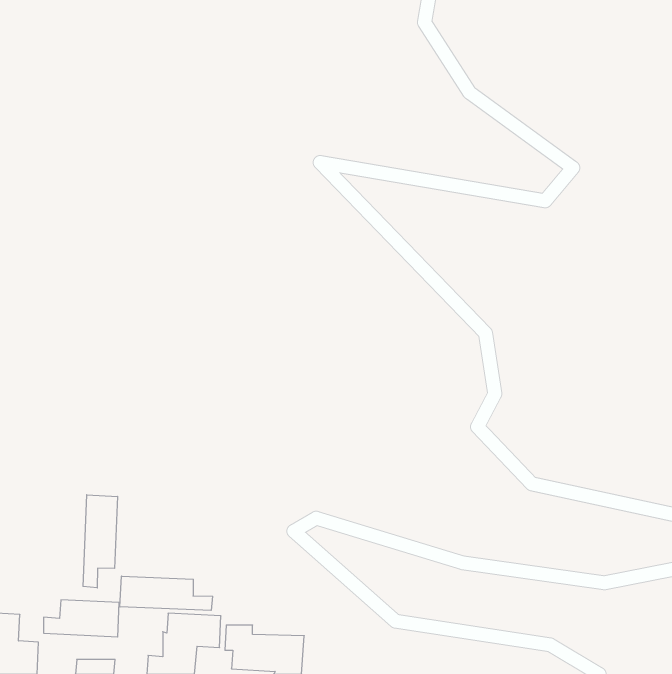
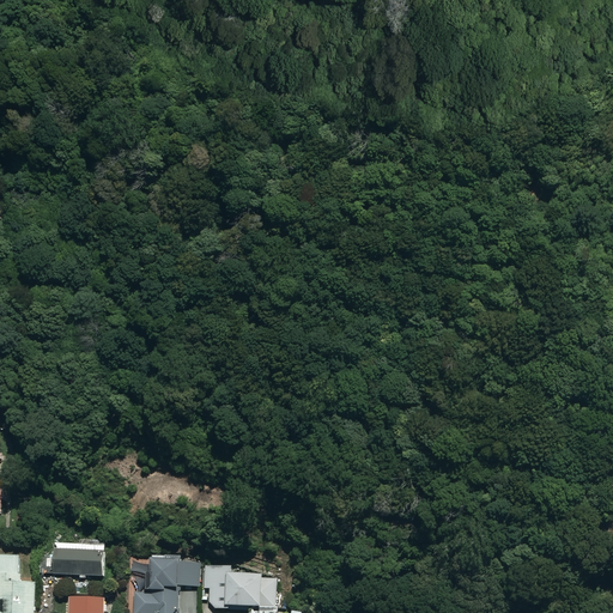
building: [83,495,118,588] -> none
building: [120,576,213,610] -> none

